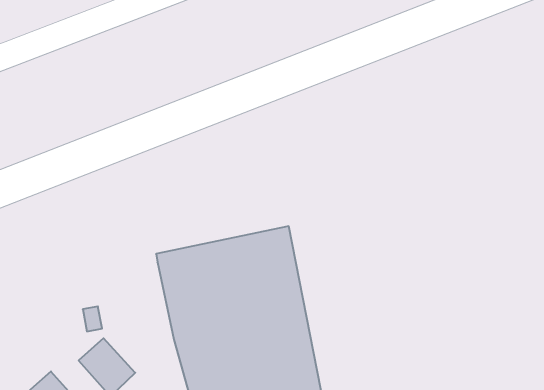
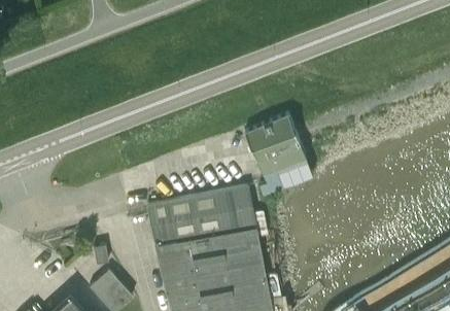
building: none -> [245,115,313,196]

